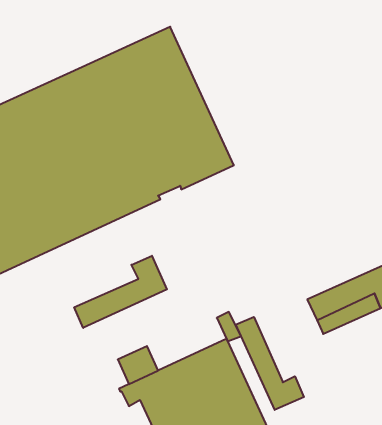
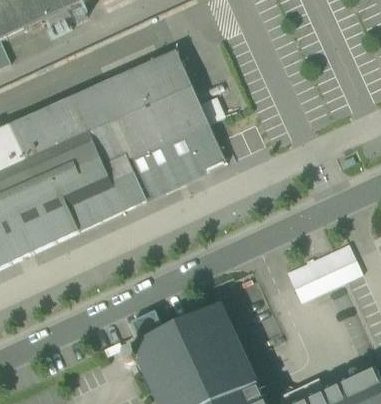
building: [74,256,167,328] -> none
building: [236,317,304,410] -> none

